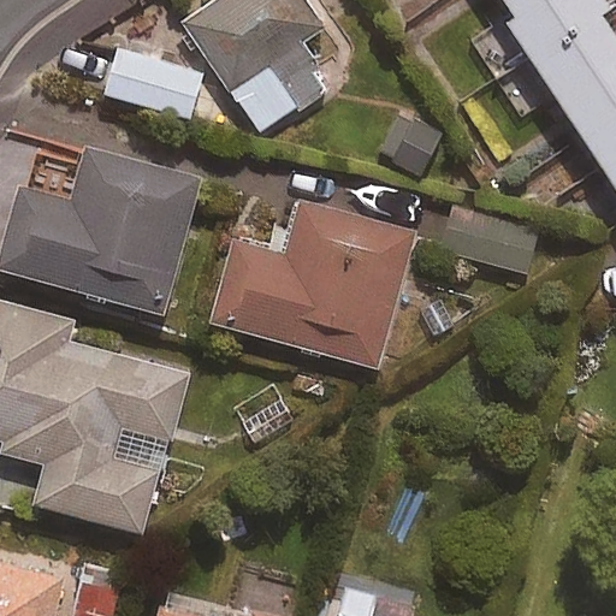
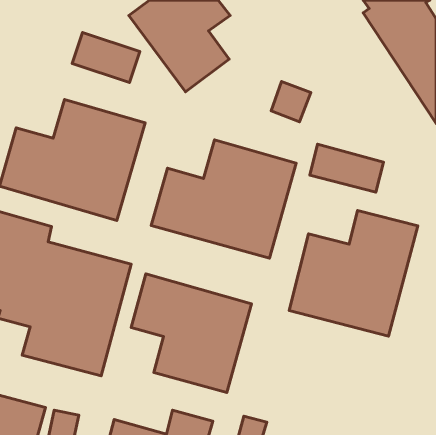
building: none -> [289,210,418,336]
building: none -> [131,274,252,393]

